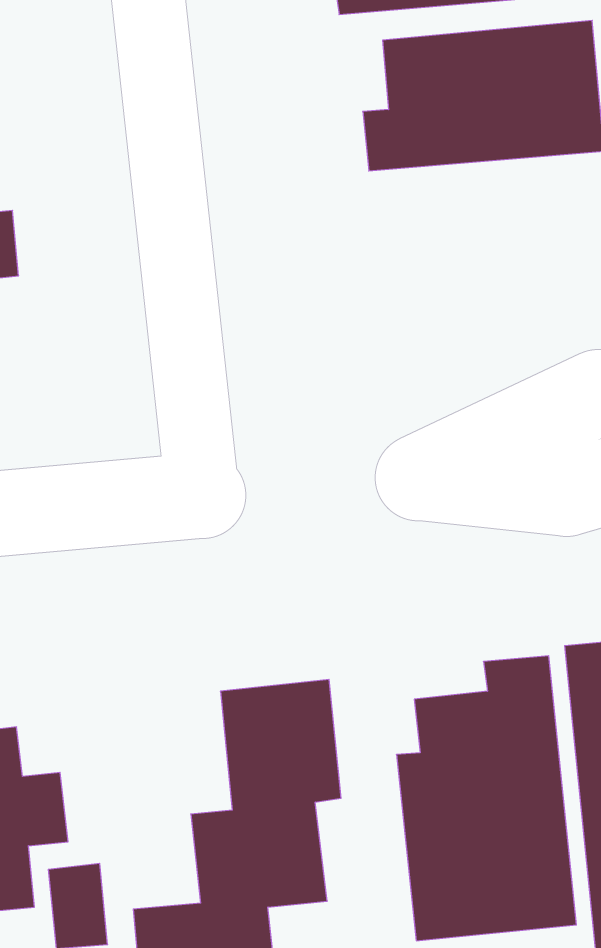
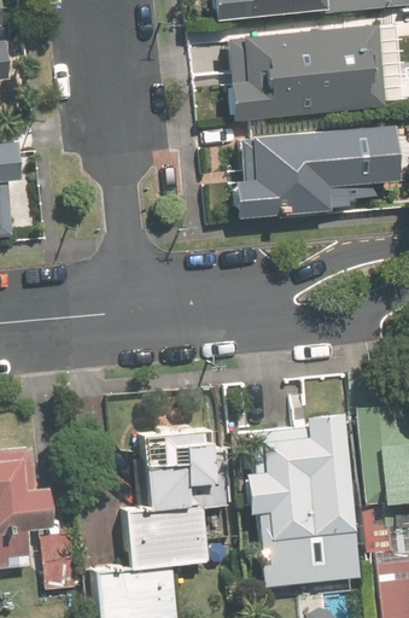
building: none -> [234,126,372,218]

